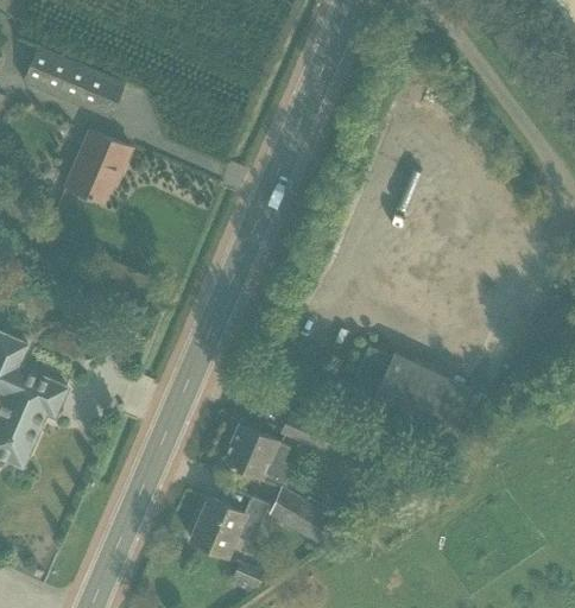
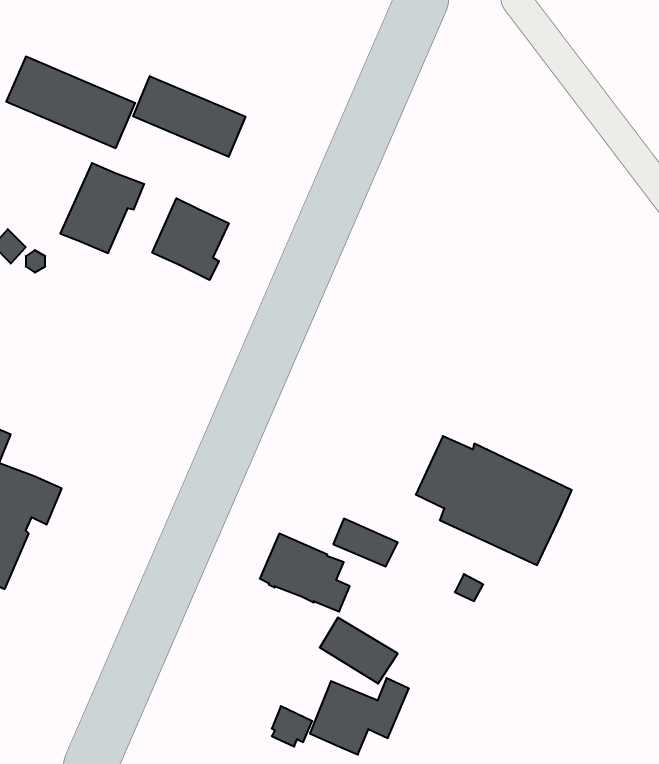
building: none -> [133,76,245,157]
building: none -> [152,198,229,280]
building: [190,495,268,556] -> [310,678,409,755]

